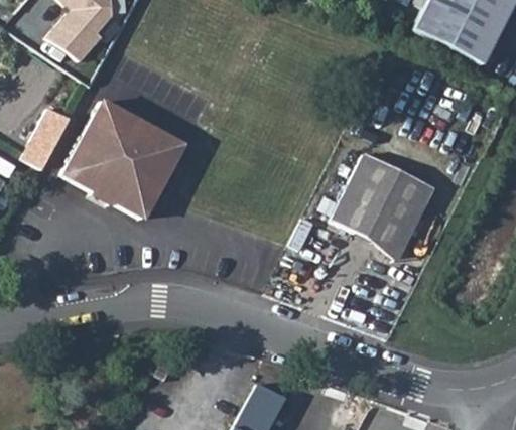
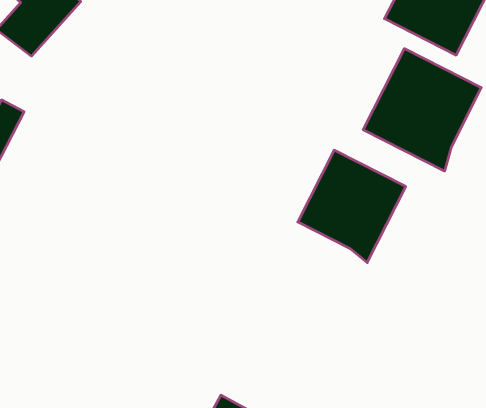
building: none -> [363,49,481,171]
building: [63,100,184,218] -> none

